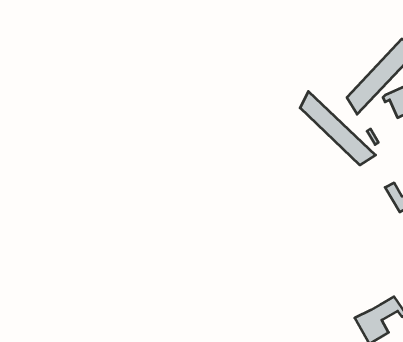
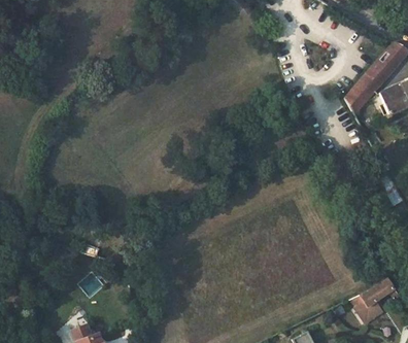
building: [300,91,376,165] -> none

